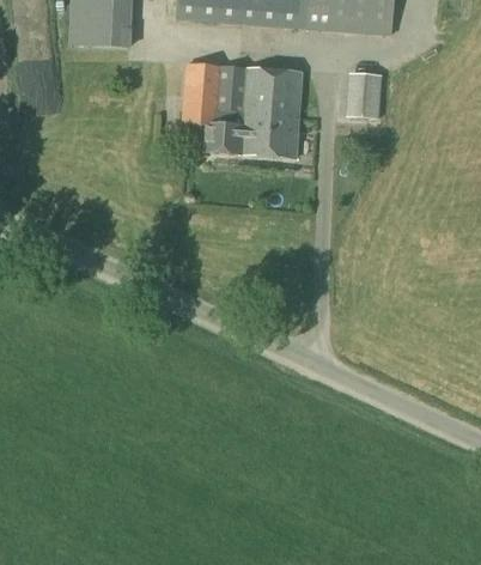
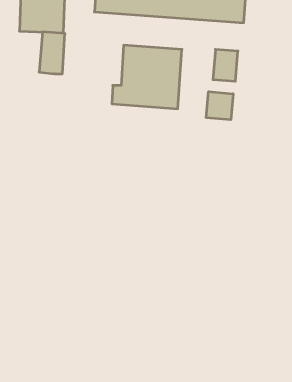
building: [181,63,218,123] -> [39,32,65,74]
building: none -> [206,92,233,120]

